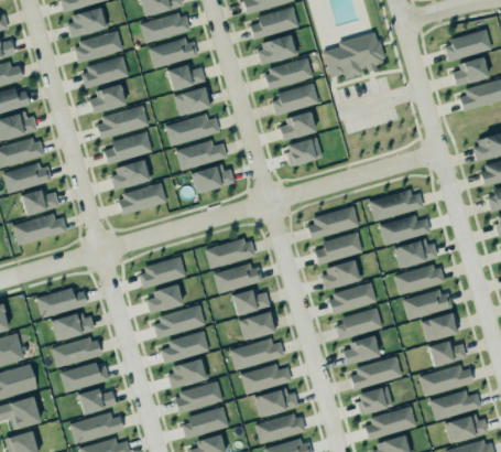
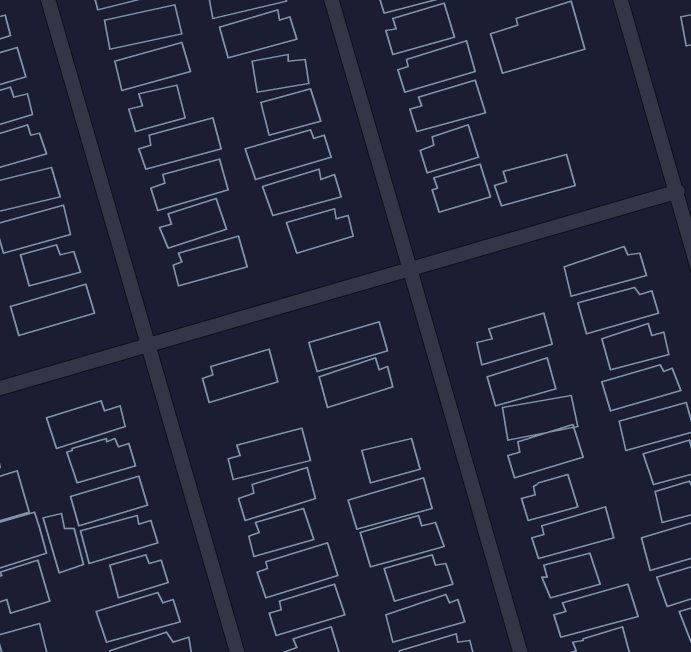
building: [306,206,358,239] -> [495,155,575,206]
building: [145,283,183,313] -> none
building: [233,290,271,314] -> none
building: none -> [43,514,84,573]

